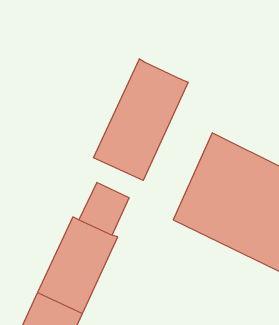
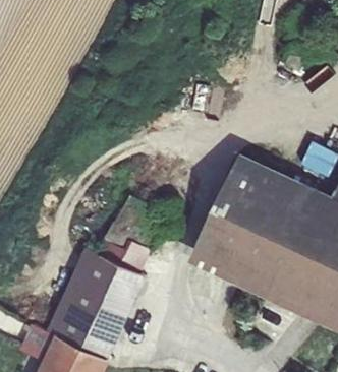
building: [94,59,188,180] -> none

